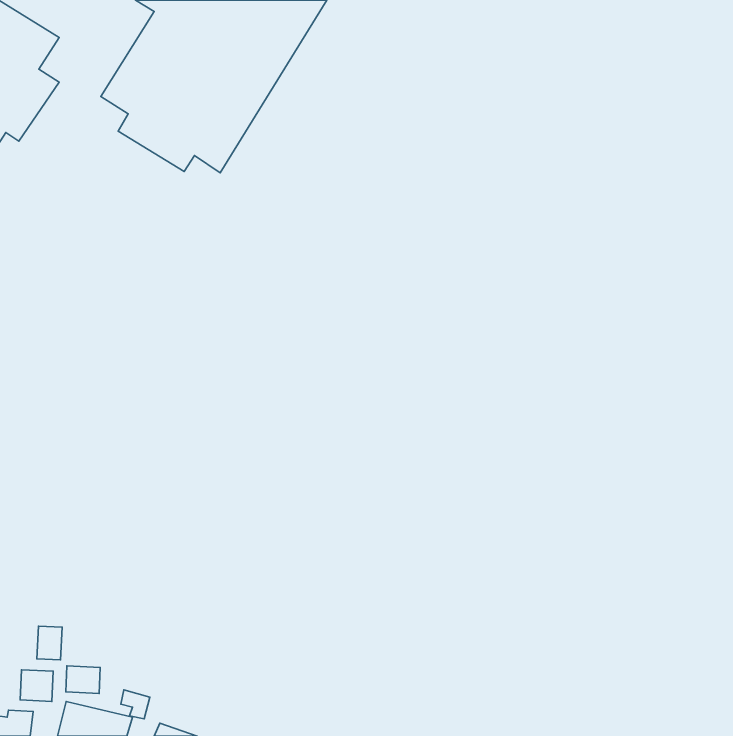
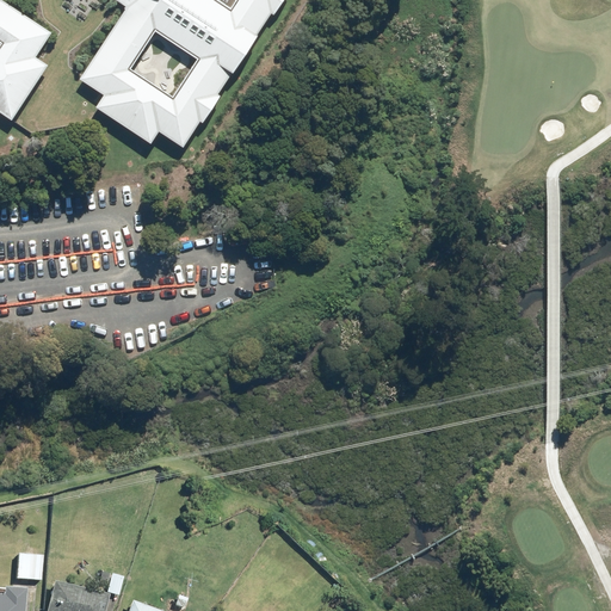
building: [37,626,62,660] -> none
building: [66,666,100,693] -> none

